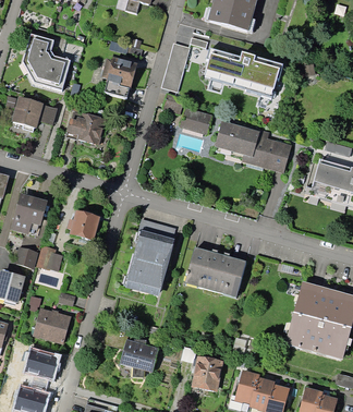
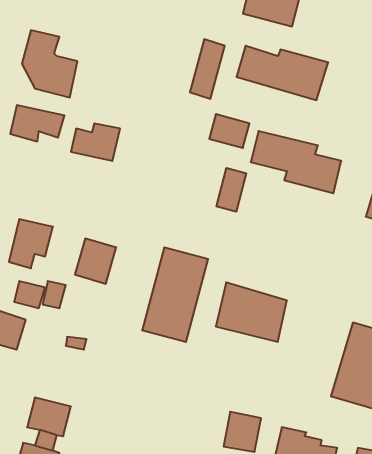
building: [104,57,136,90] -> none
building: none -> [216,168,246,212]
building: [34,306,71,342] -> none
building: [119,339,158,373] -> none

